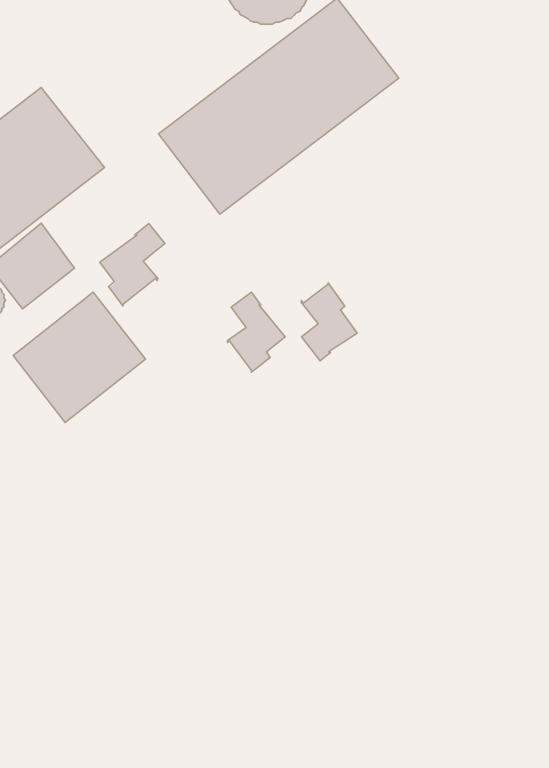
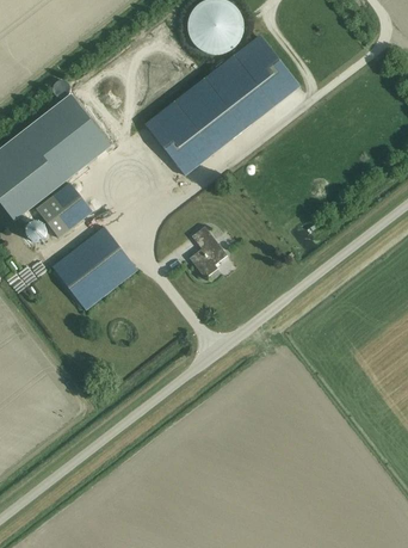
building: [100,224,165,306] -> none
building: [301,283,357,361] -> none

